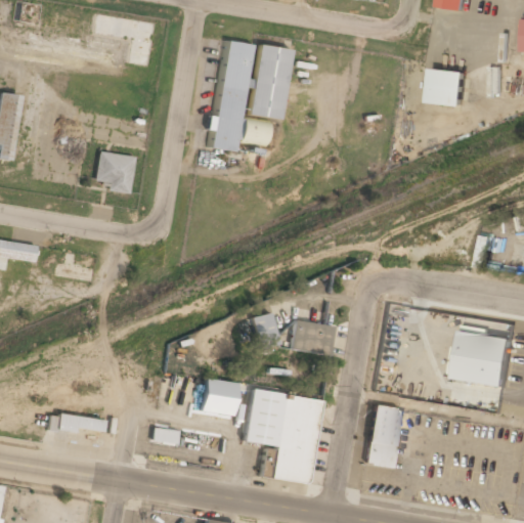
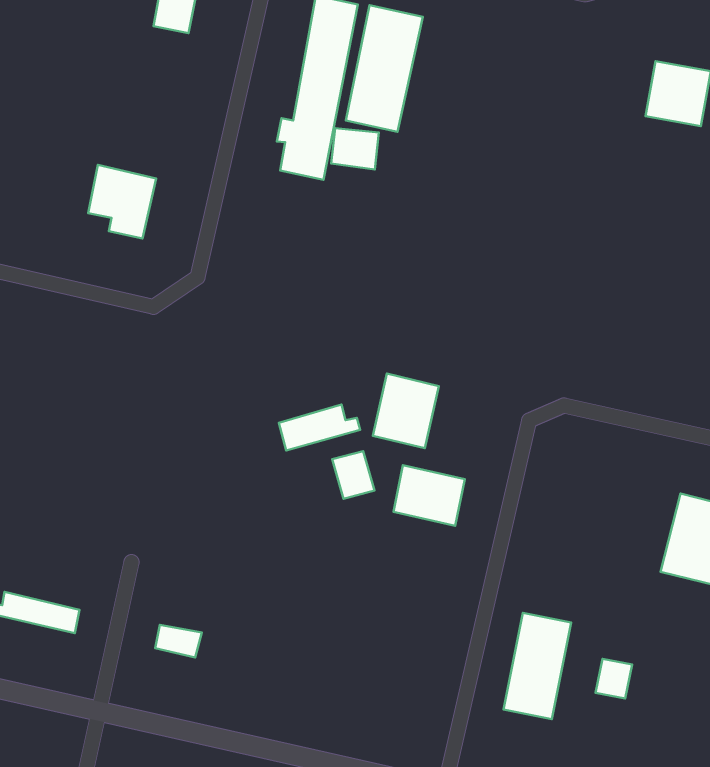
building: none -> [373,374,439,448]
building: none -> [279,404,360,451]
building: [201,378,238,418] -> none
building: [245,392,321,486] -> none
building: none -> [596,659,632,698]

